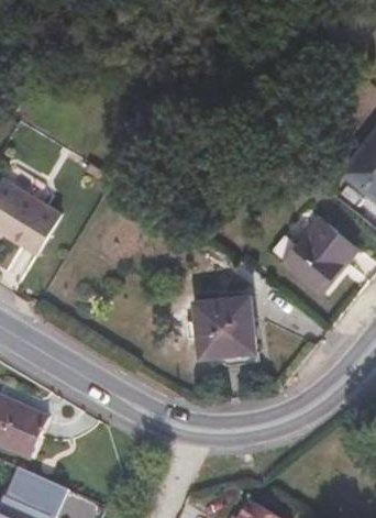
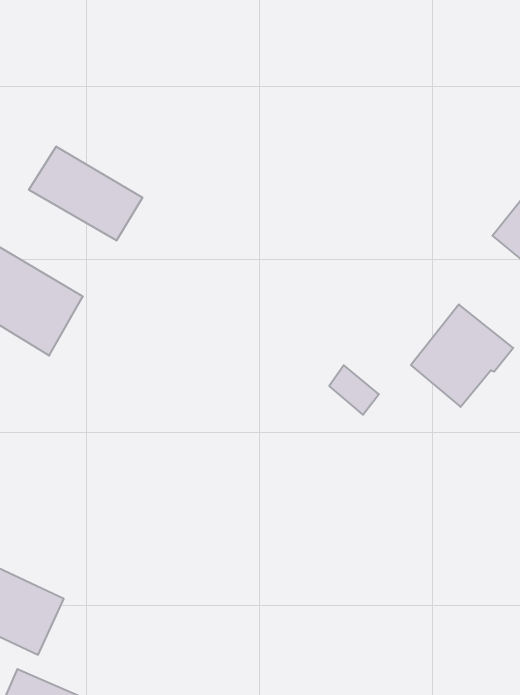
building: none -> [29,146,142,241]
building: [196,298,256,360] -> none

